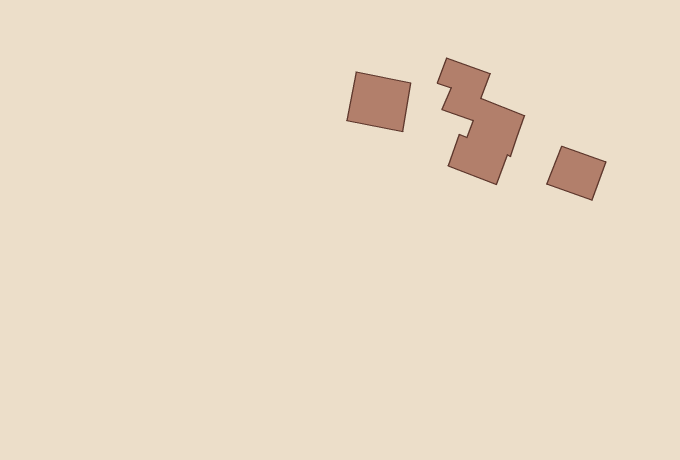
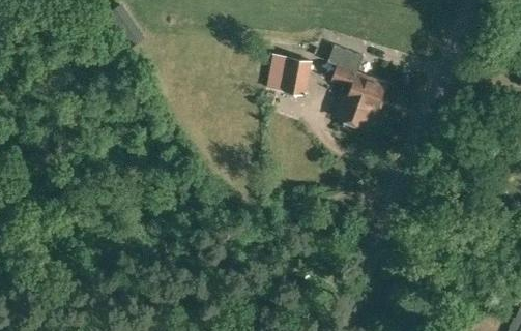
building: [547,146,606,200] -> none

